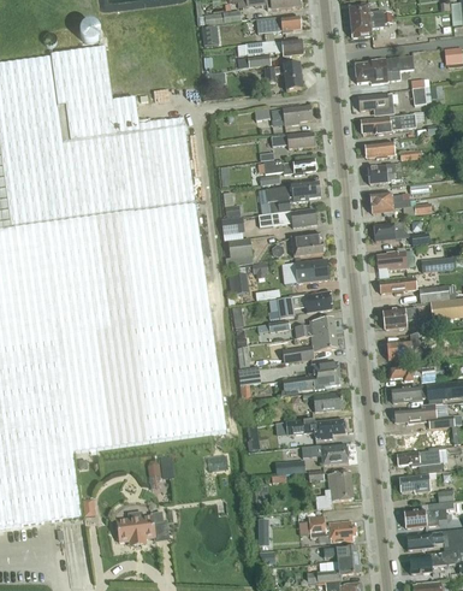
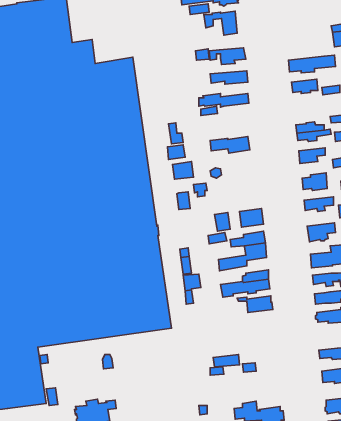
building: [354,57,412,84] -> none
building: [357,93,398,116] -> none
building: [367,165,410,185] -> none
building: [266,181,320,213] -> none
building: [291,234,323,256] -> none
building: [283,259,328,284] -> none
building: [285,419,345,439] -> none
building: [299,444,349,466] -> none
building: [315,472,352,509] -> none

